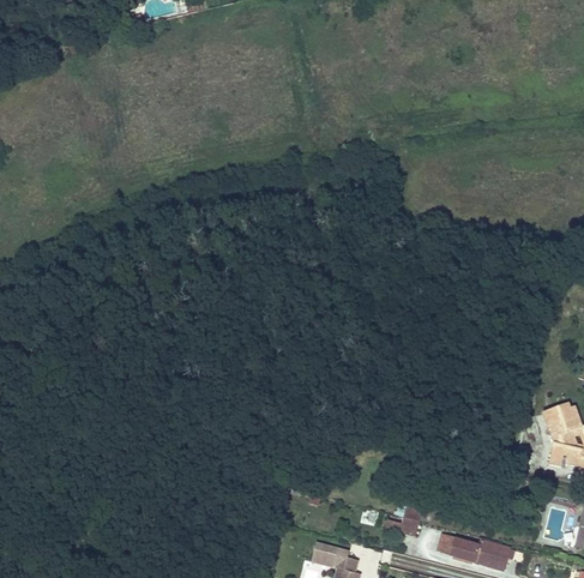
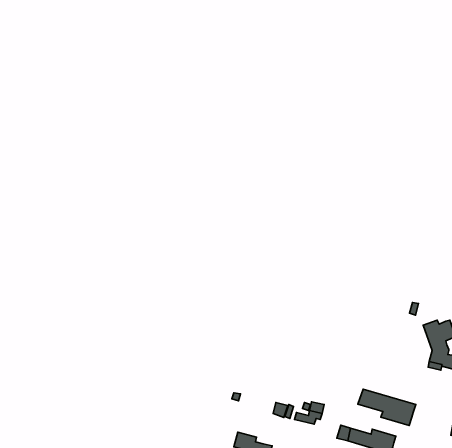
building: none -> [358,389,416,426]

